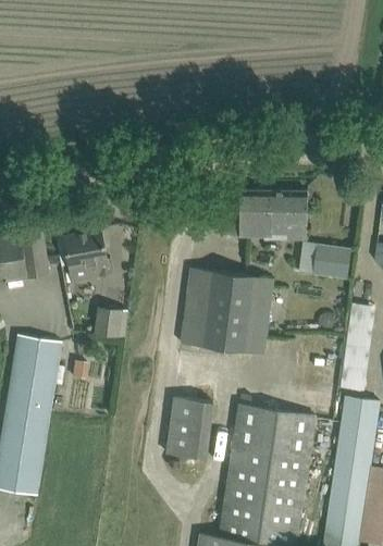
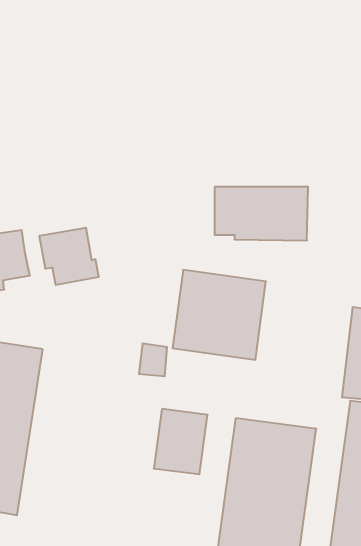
building: [314,248,349,277] -> none
building: [95,307,121,337] -> [139,344,167,376]

